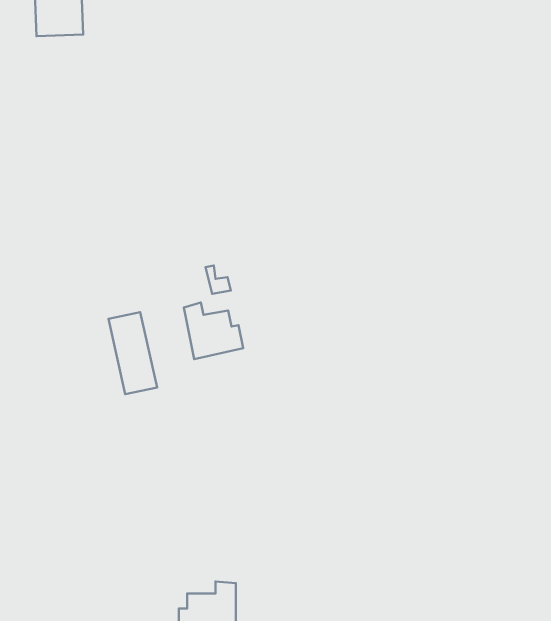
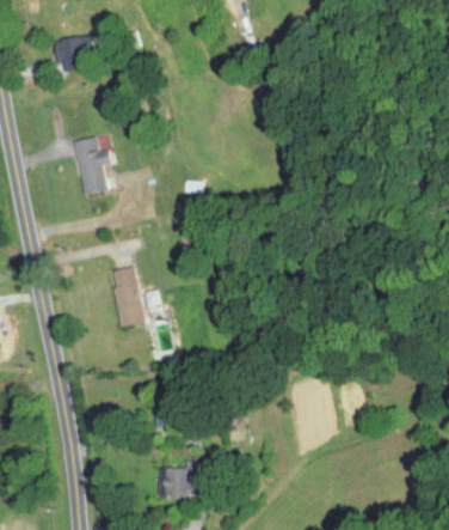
building: none -> [73,138,113,195]
building: [184,302,243,359] -> none

